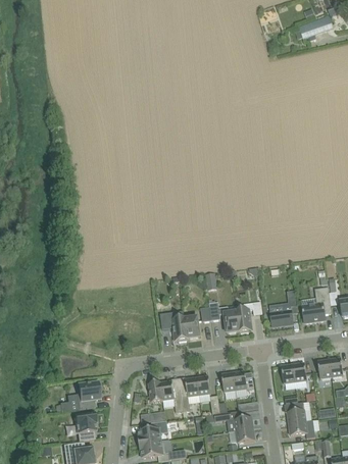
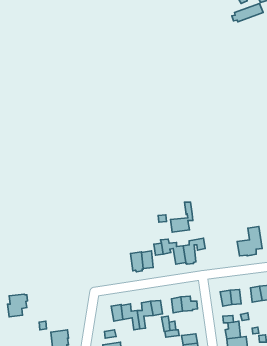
building: [269,291,297,327] -> [170,202,193,232]
building: [77,381,101,409] -> [8,294,28,317]

